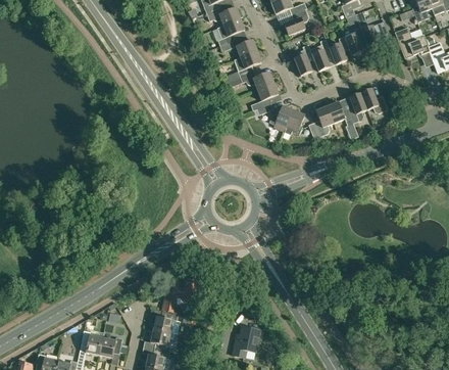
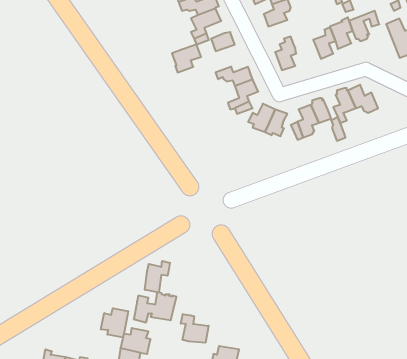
building: [310,39,332,71] -> none
building: [235,51,261,77] -> [172,44,201,72]
building: none -> [145,261,170,292]
building: none -> [101,308,128,337]
building: none -> [181,314,209,343]

